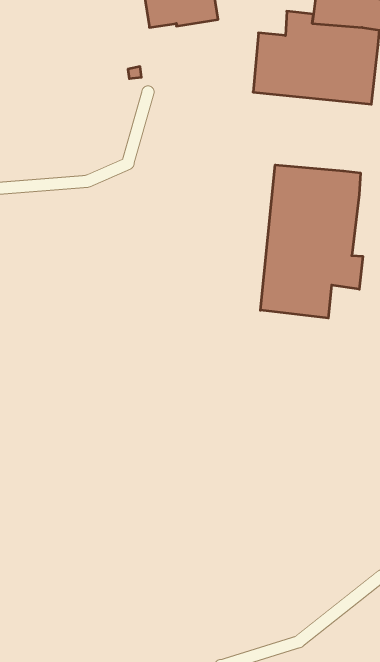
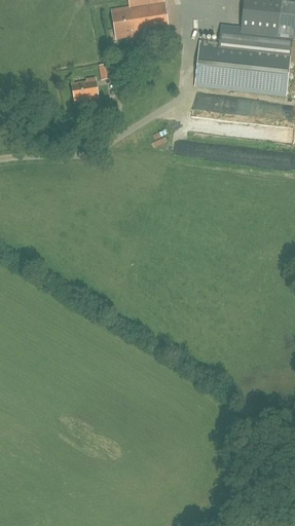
building: none -> [71,78,97,99]
building: [260,165,363,318] -> none

